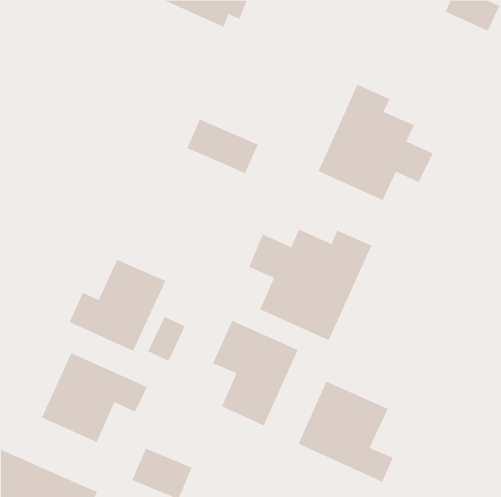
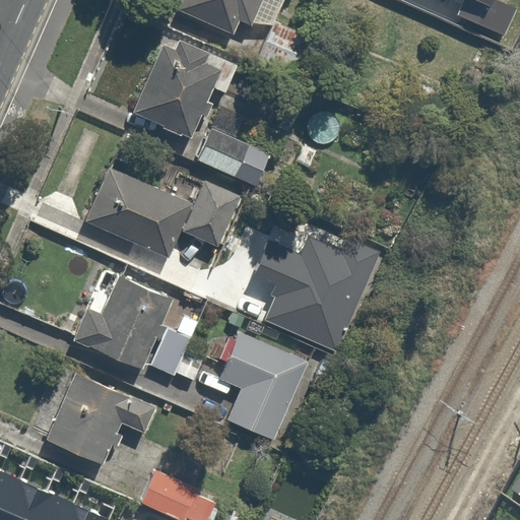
building: none -> [128,44,237,139]
building: [318,84,434,201] -> none
building: none -> [73,160,243,259]
building: [298,381,394,483] -> none

